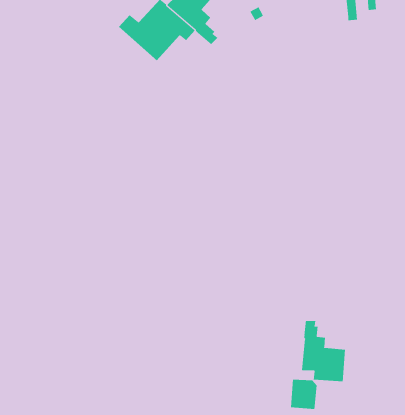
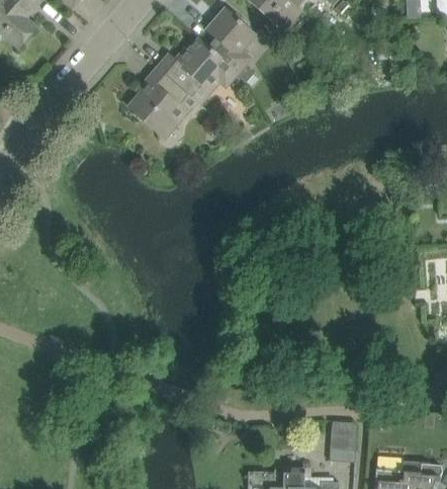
building: none -> [128,67,196,132]
building: [301,320,346,382] -> none

